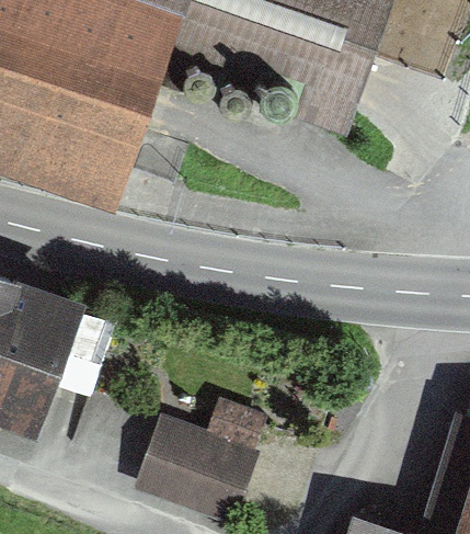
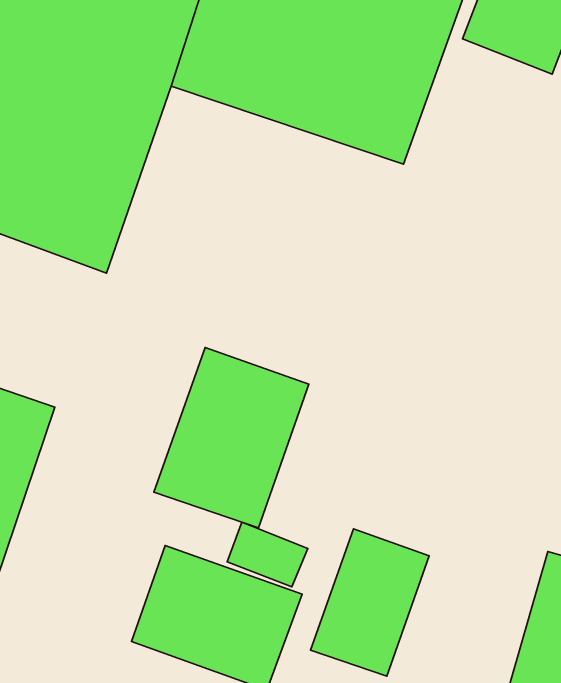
building: none -> [154,347,309,528]
building: none -> [310,529,429,676]

